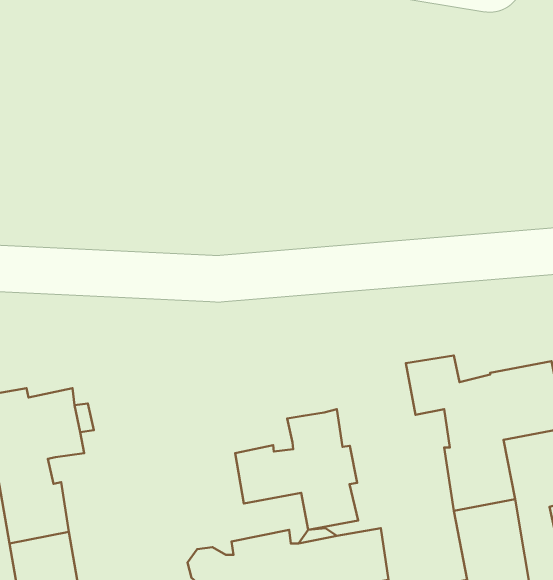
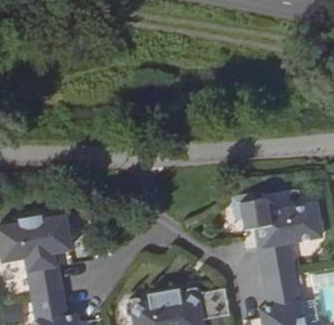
building: [235,409,358,530] -> none

